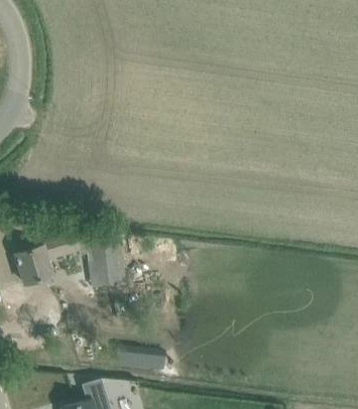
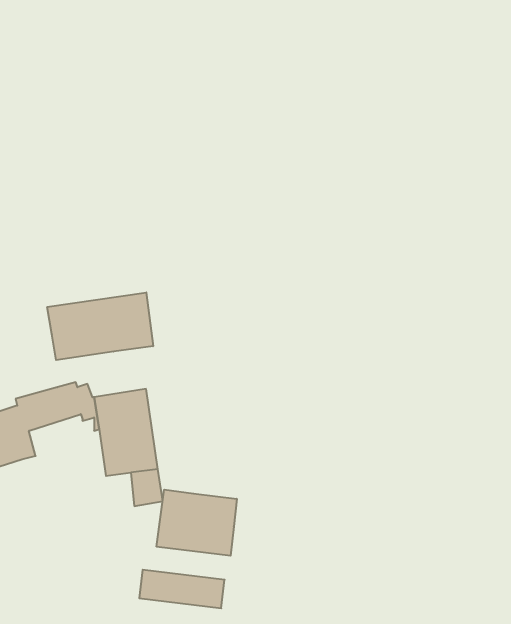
building: none -> [47,292,153,360]
building: none -> [157,490,237,556]

